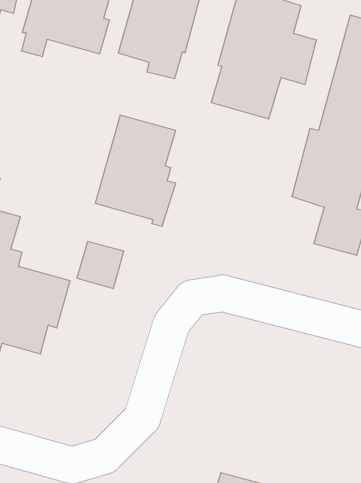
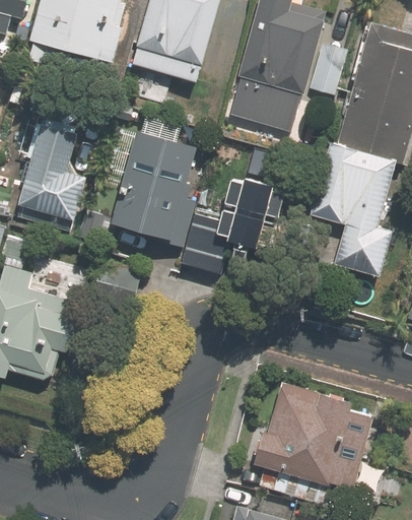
building: none -> [11,121,81,229]
building: none -> [176,178,283,272]
building: none -> [257,384,373,504]

